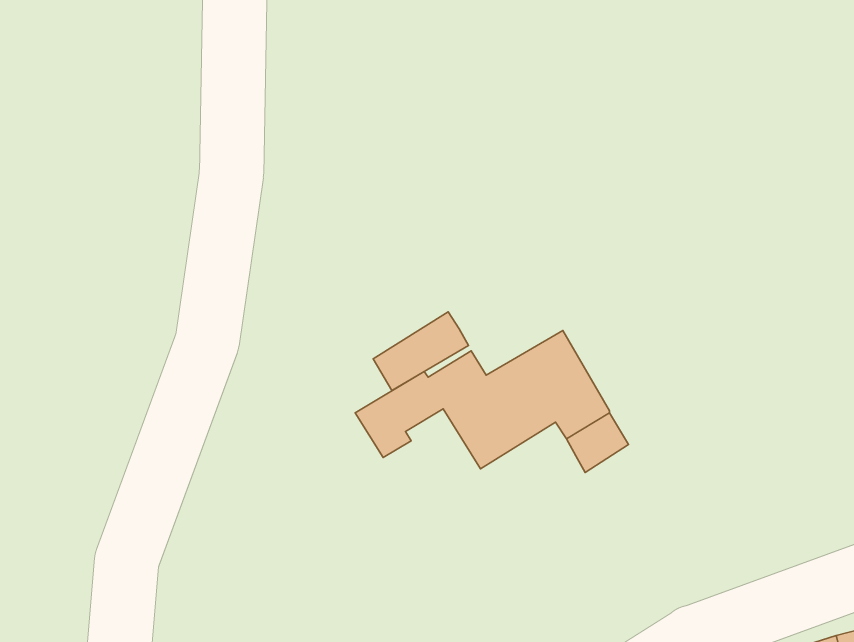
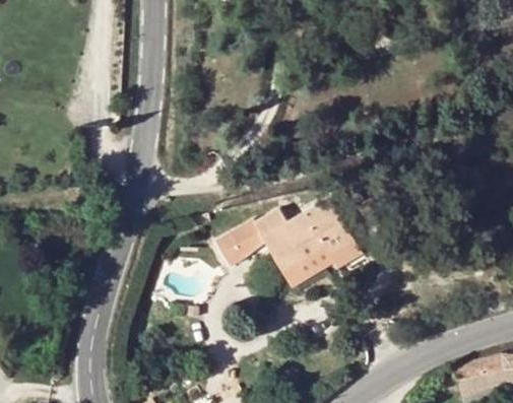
building: [373,312,469,391] -> [282,247,334,289]

